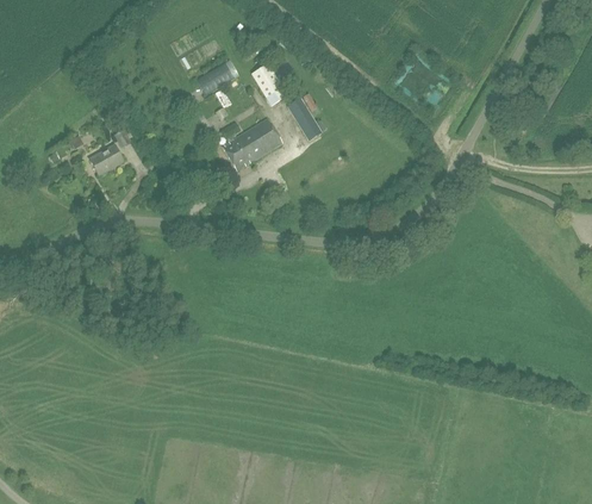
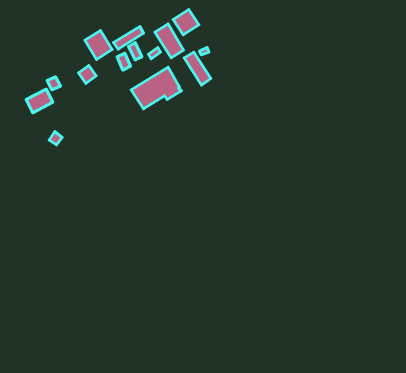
building: none -> [173,10,199,35]
building: none -> [85,30,112,59]

